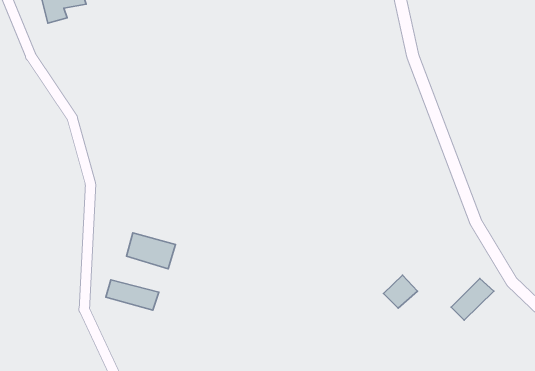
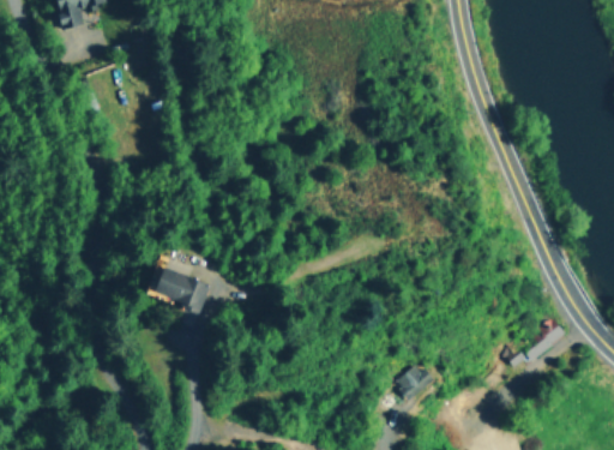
building: [383,275,417,308] -> [397,362,435,400]
building: [106,280,159,310] -> none

